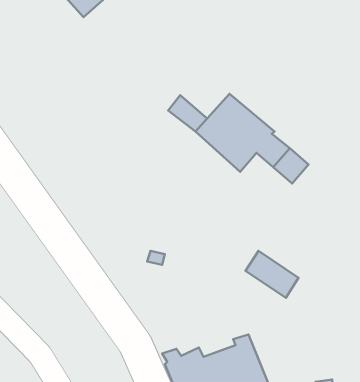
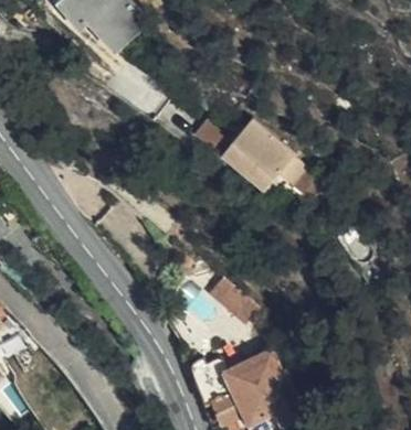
building: [246,251,299,298] -> [210,278,260,322]

